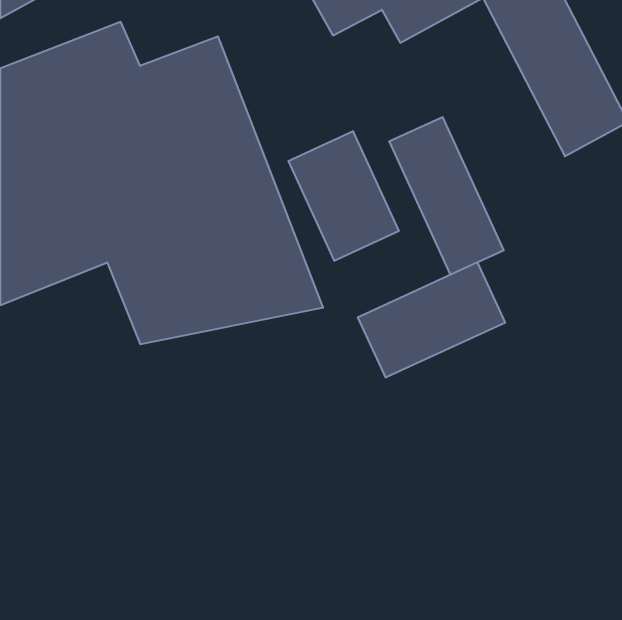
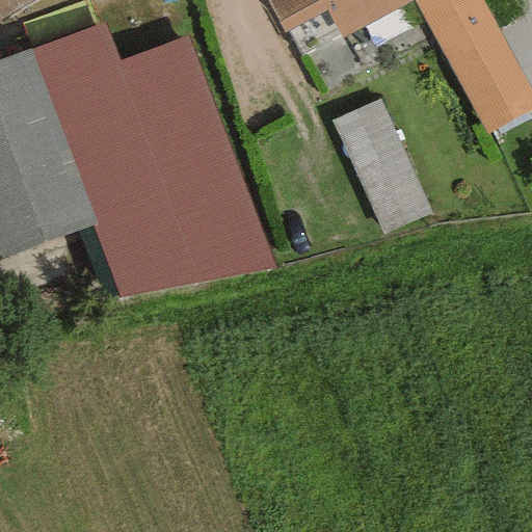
building: [288,131,399,261] -> none
building: [358,262,505,378] -> none

